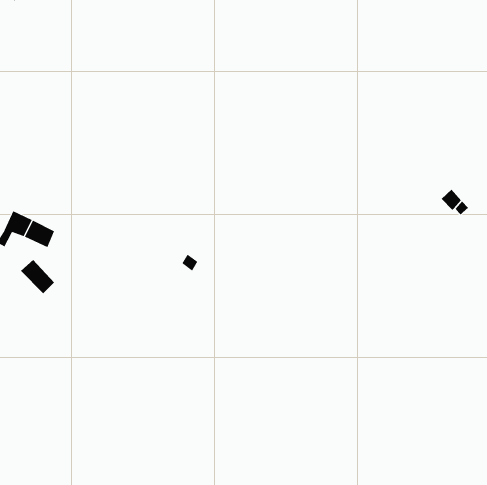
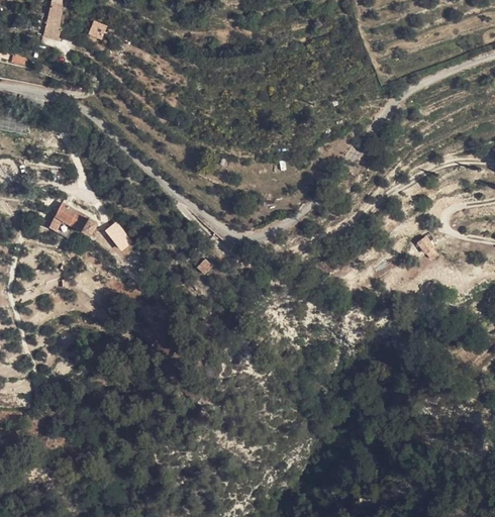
building: [20,259,55,294] -> [105,220,132,250]

